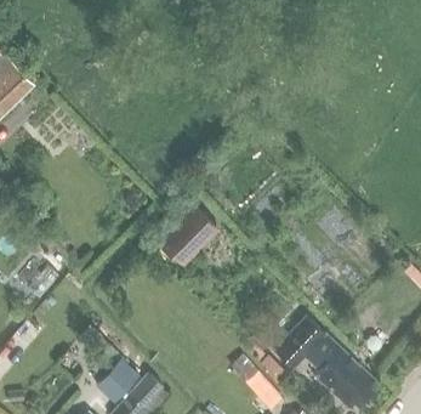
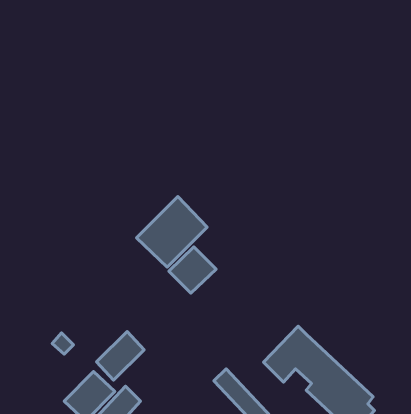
building: none -> [169,247,216,293]
building: none -> [97,331,144,380]

